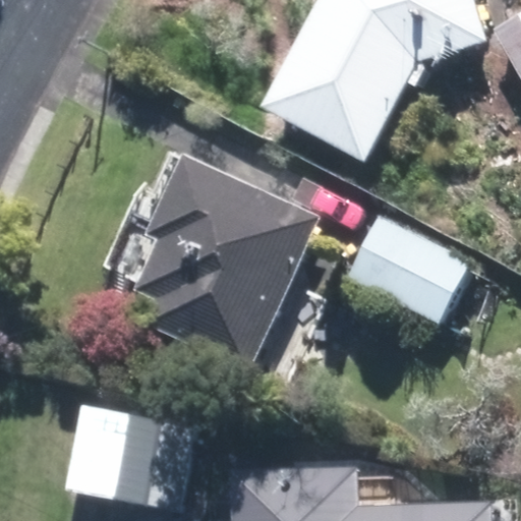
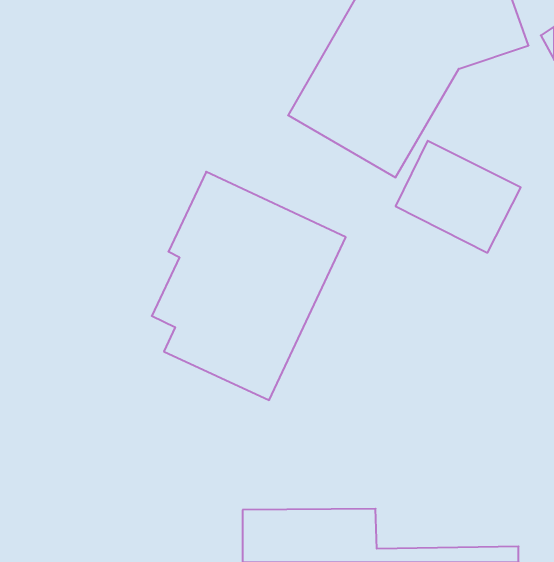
building: [350,218,465,321] -> [396,141,521,253]
building: [68,406,188,508] -> none

